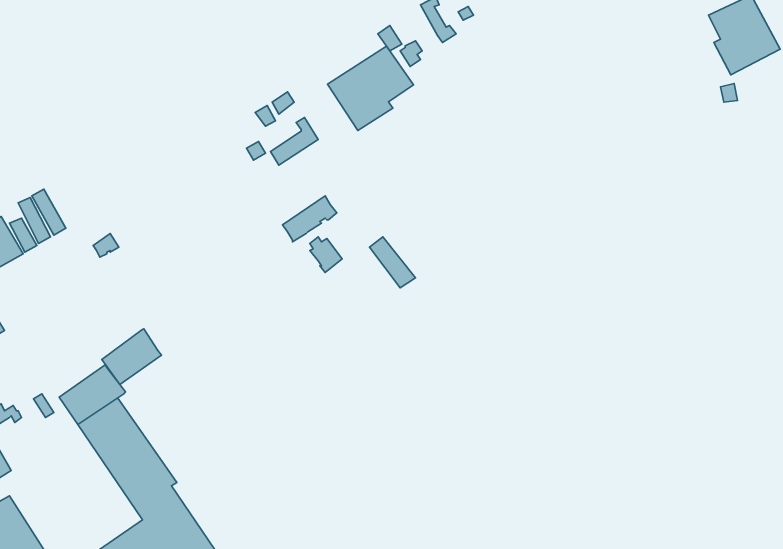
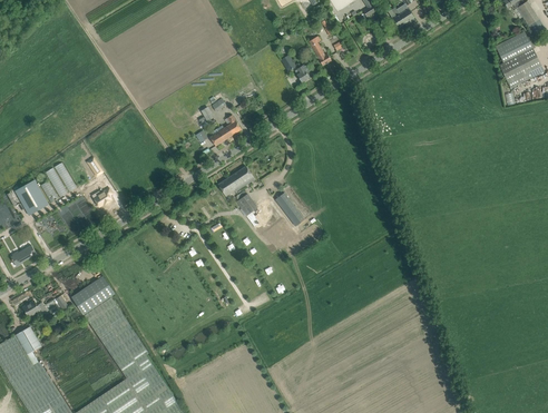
building: [327,46,414,131] -> none
building: [102,329,161,384] -> none

